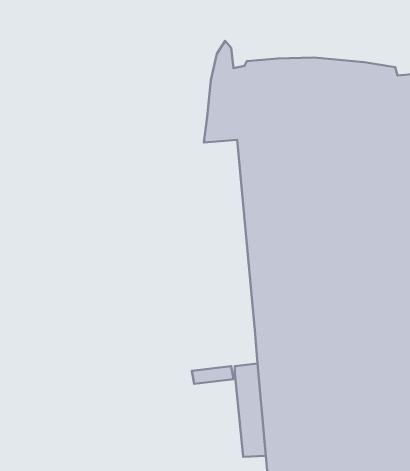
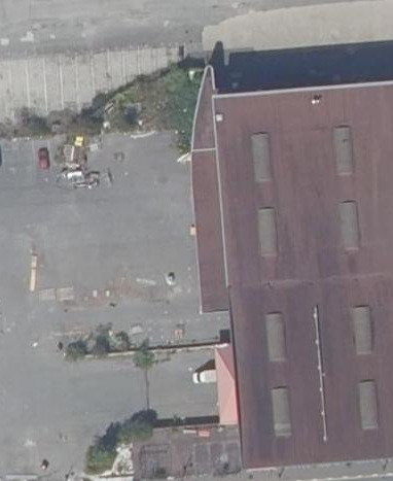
building: none -> [200,151,244,320]

